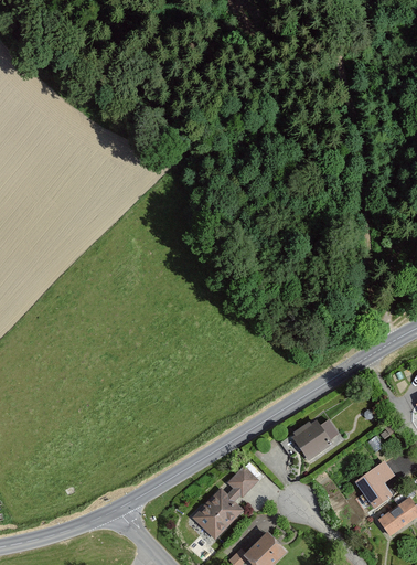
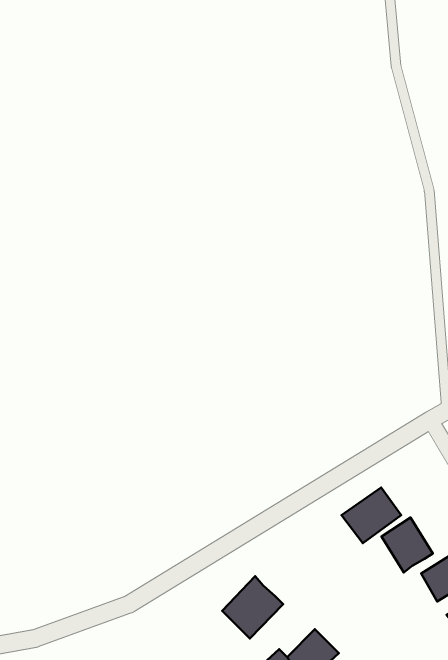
building: none -> [381,518,433,572]
building: [225,466,256,503] -> none

